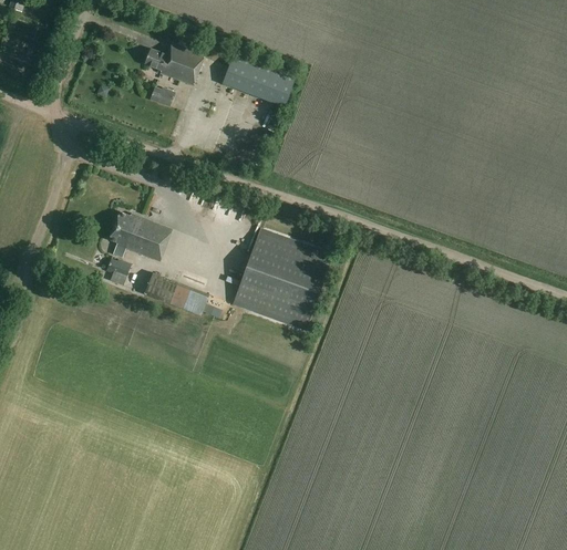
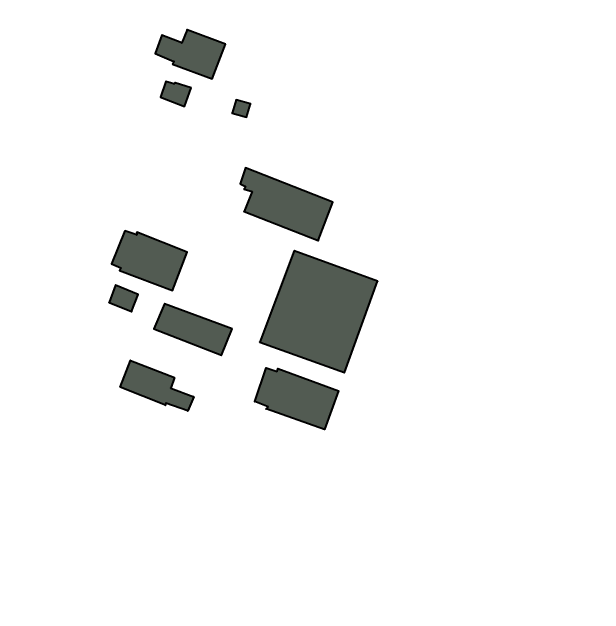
building: [218,46,296,107] -> [240,168,333,241]
building: none -> [120,360,194,411]
building: none -> [255,368,339,429]

